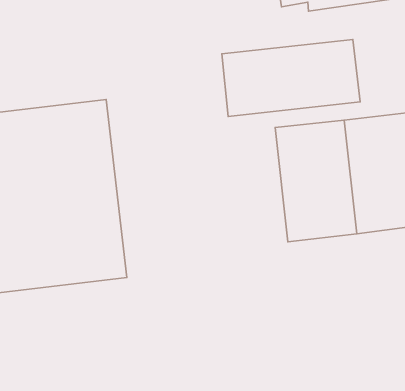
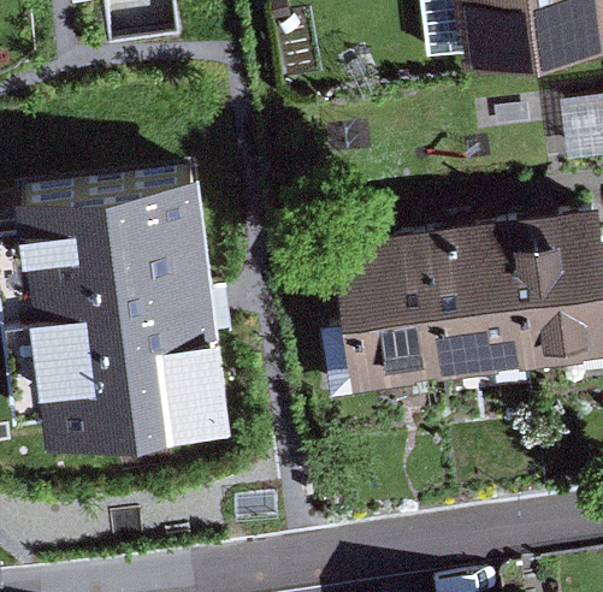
building: [222,39,360,117] -> none
building: none -> [325,227,441,405]

